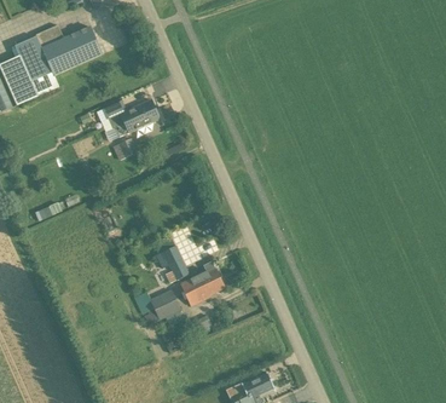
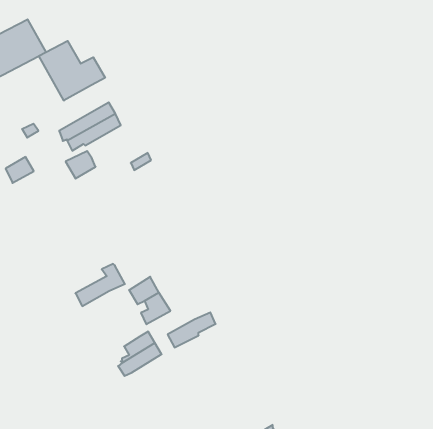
building: none -> [39,41,105,101]
building: [181,260,222,293] -> [75,264,125,306]

